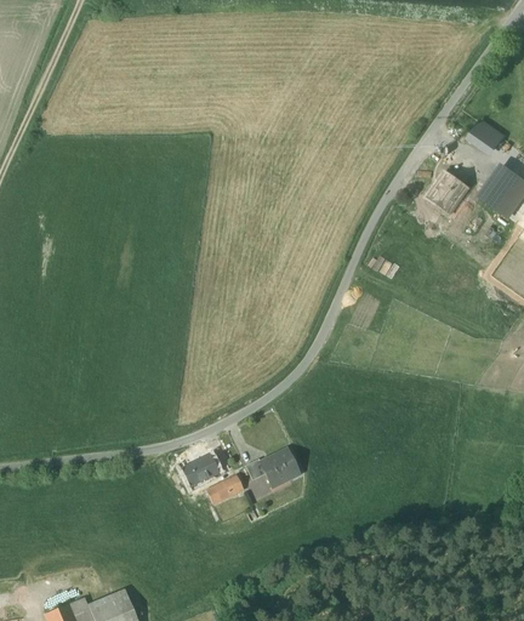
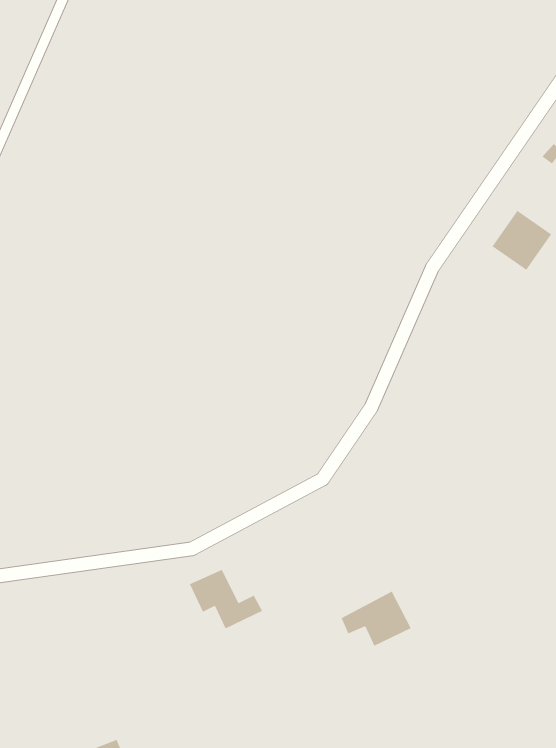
building: [246,446,303,491] -> [340,591,412,647]

